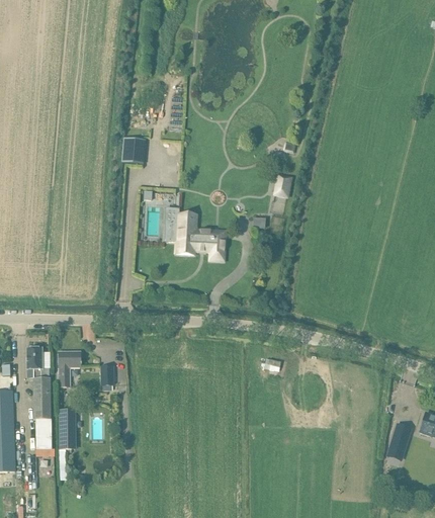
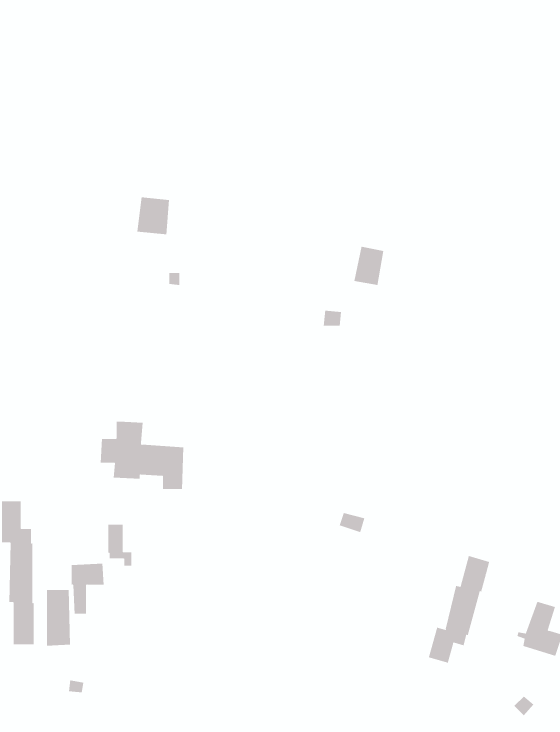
building: [166,212,225,260] -> [100,421,184,489]
building: [58,351,81,386] -> [71,563,104,614]
building: none -> [428,555,490,664]

